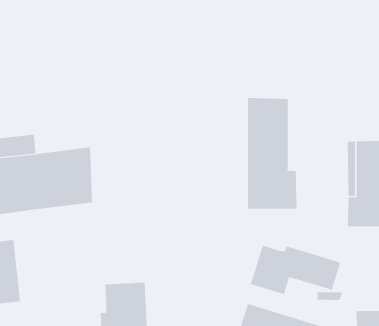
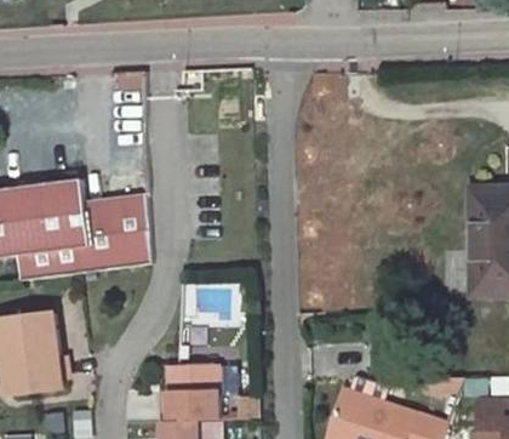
building: [248,97,297,209] -> none
building: [250,245,341,295] -> none

